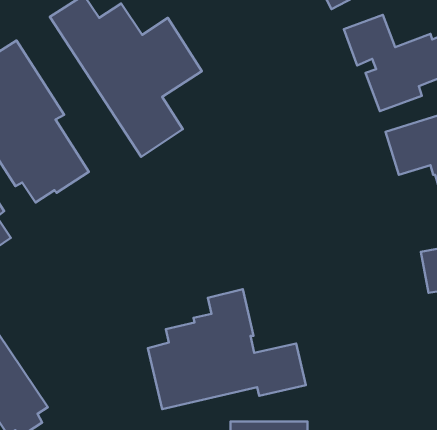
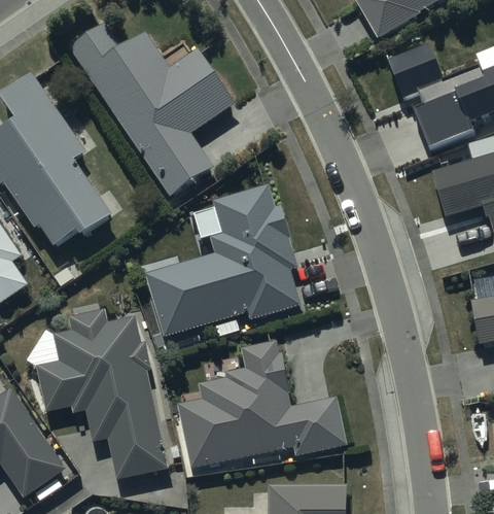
building: none -> [145,182,299,335]
building: none -> [35,307,168,478]

